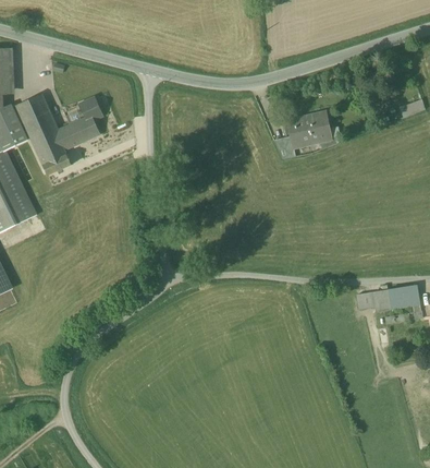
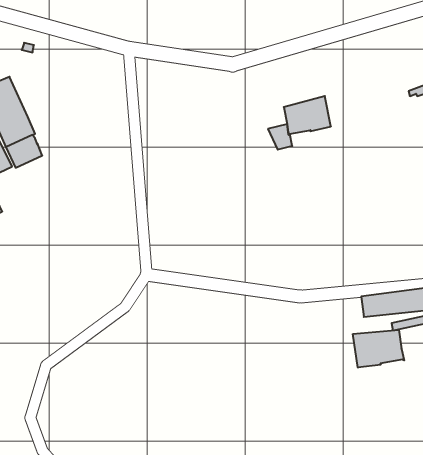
building: [58,97,101,149] -> none
building: none -> [353,330,404,368]

